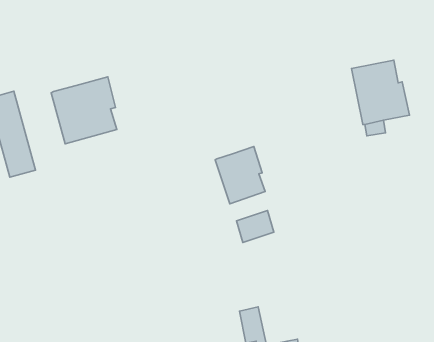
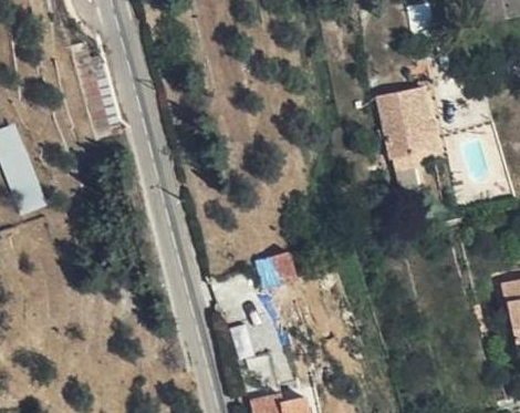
building: [51,77,117,144] -> none
building: [215,147,265,204] -> none

